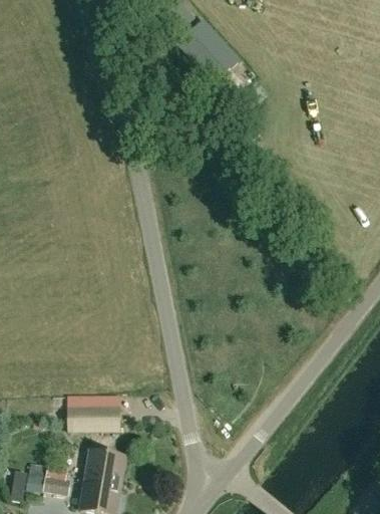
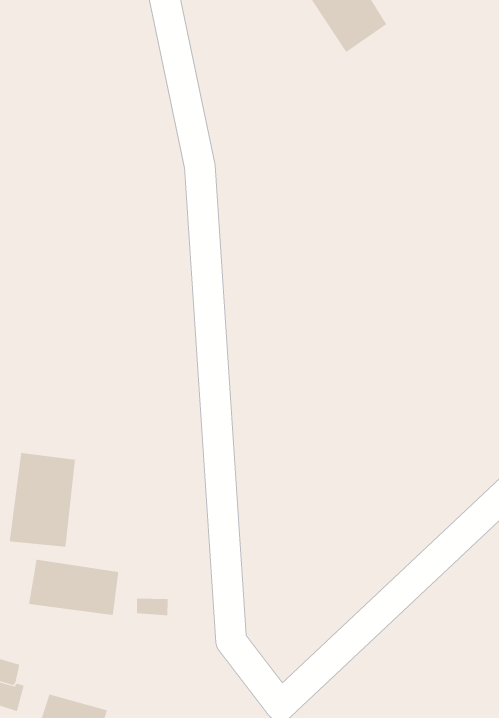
building: none -> [9,452,75,547]
building: [85,450,126,485] -> none

